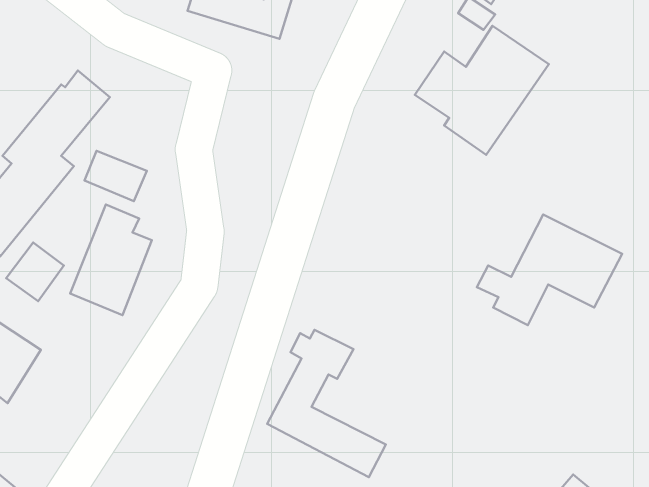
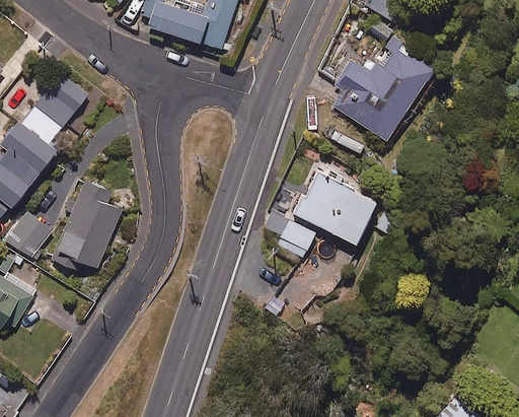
building: [85,151,147,201] -> none
building: [477,214,622,325] -> [263,170,378,259]
building: [267,330,386,477] -> none

